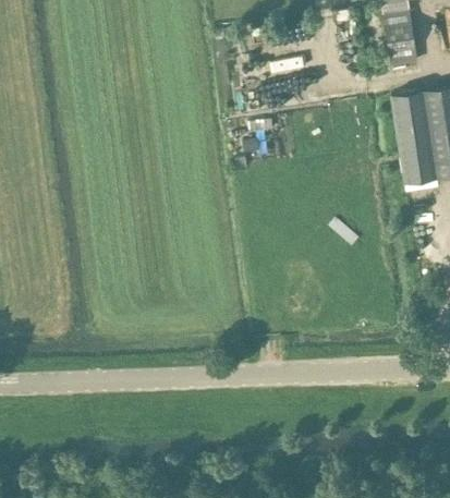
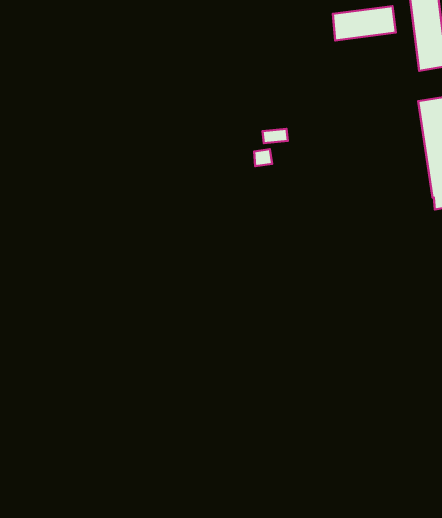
building: none -> [333,6,396,40]

